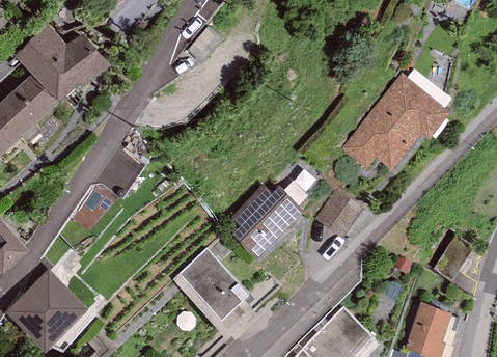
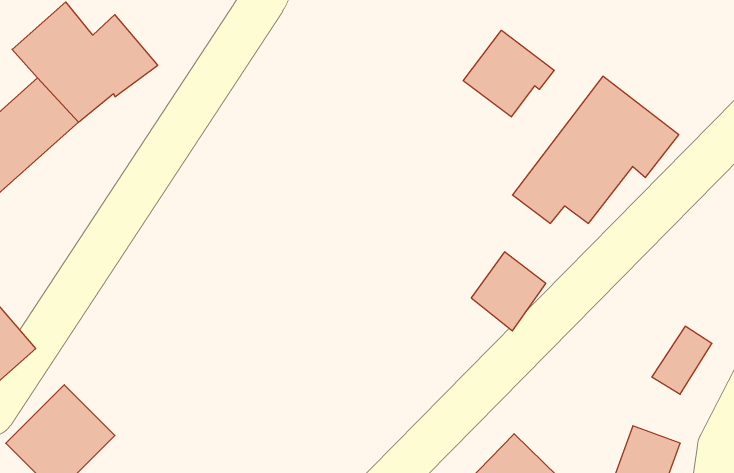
building: none -> [463,30,554,117]
building: [229,184,304,257] -> none
building: [178,247,248,319] -> none

